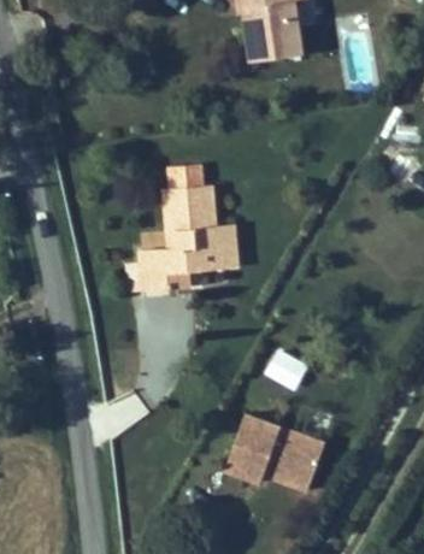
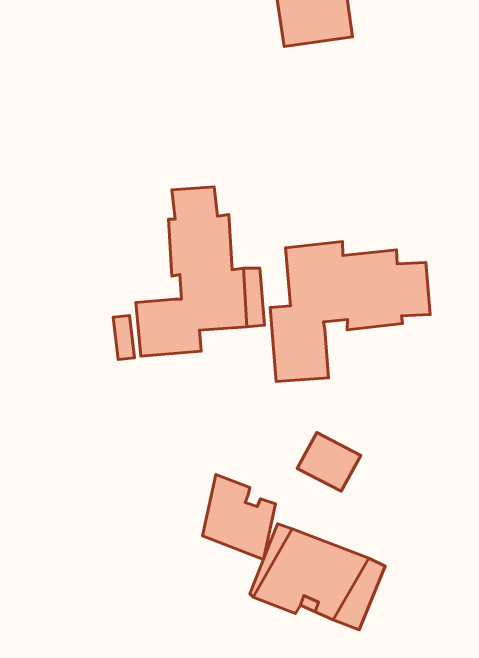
building: none -> [270,242,430,381]
building: none -> [203,475,275,559]

